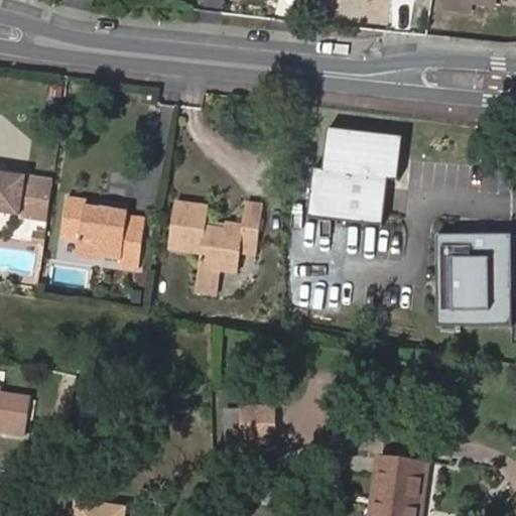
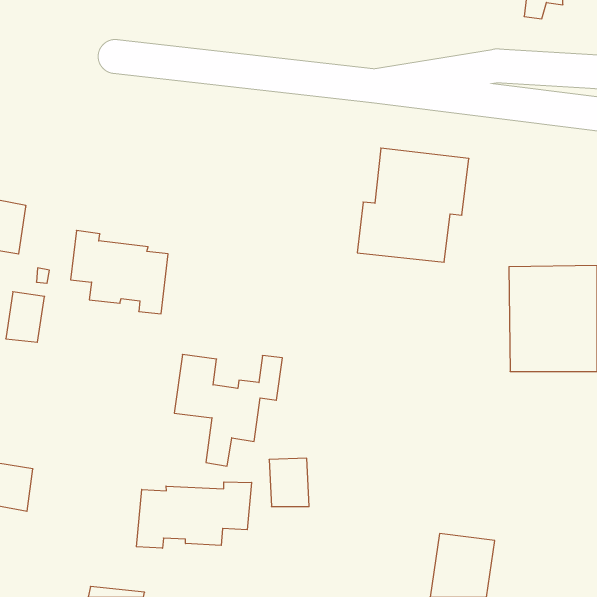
building: [16,177,49,221] -> [6,292,45,342]
building: [169,199,262,294] -> [174,354,282,466]
building: none -> [136,482,252,548]

